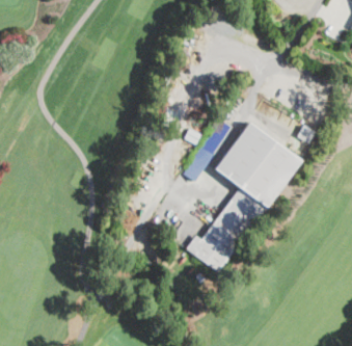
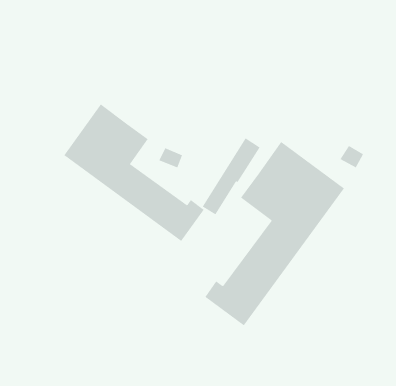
building: none -> [63,104,204,242]

